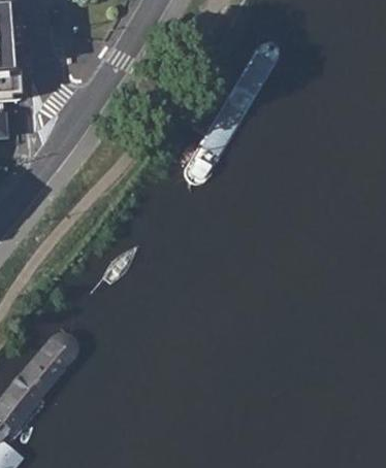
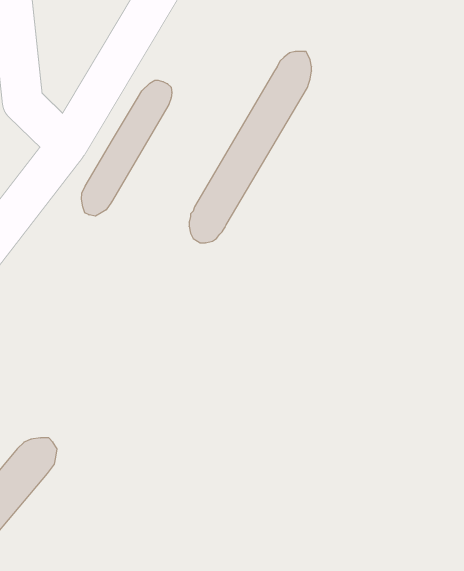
building: none -> [81,80,172,216]

